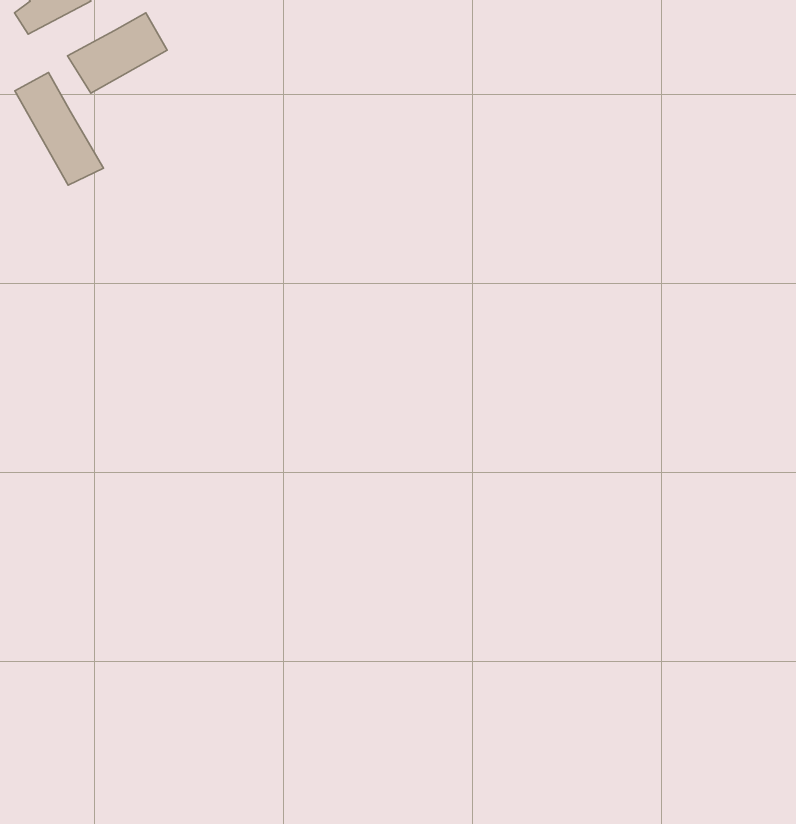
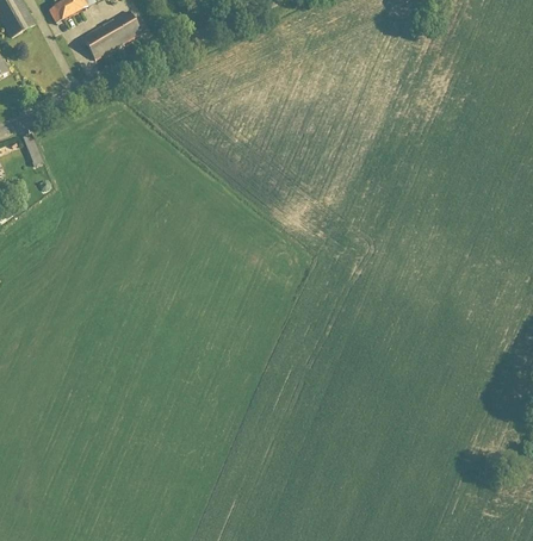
building: [15,72,103,185] -> none

